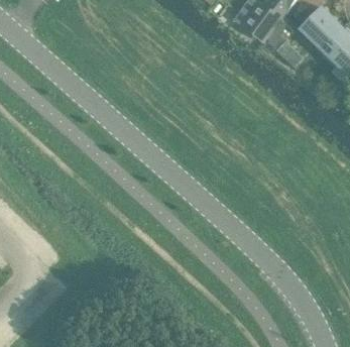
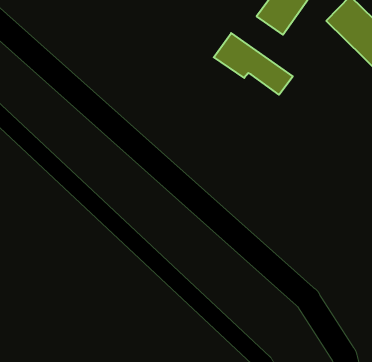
building: none -> [214,33,293,95]

